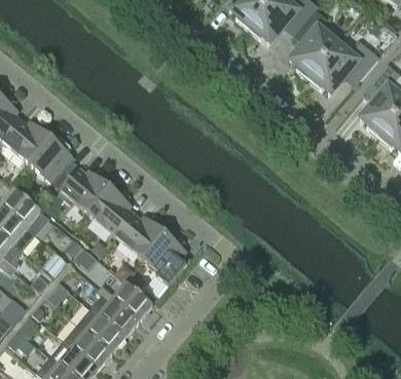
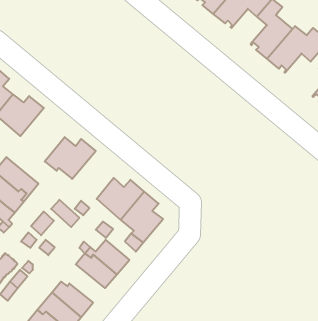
building: [29,134,76,188] -> none
building: [87,182,135,236] -> none
building: [75,310,124,353] -> none

